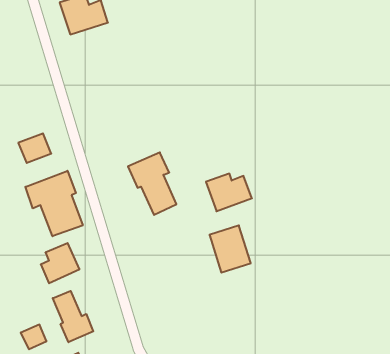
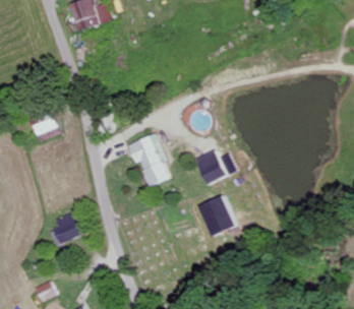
building: [25,171,83,236] -> none
building: [53,291,93,342] -> none

